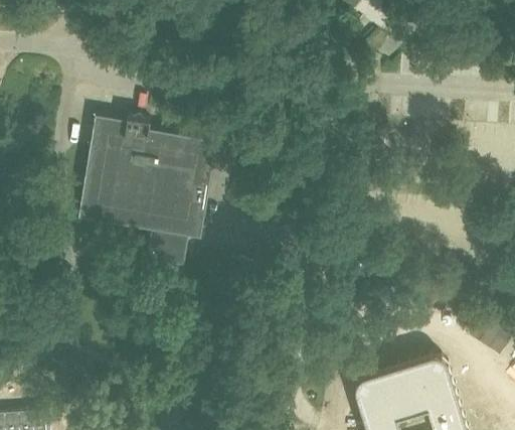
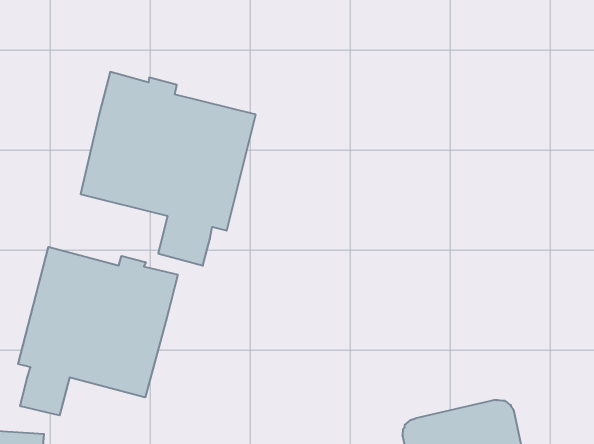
building: none -> [18,247,178,415]

